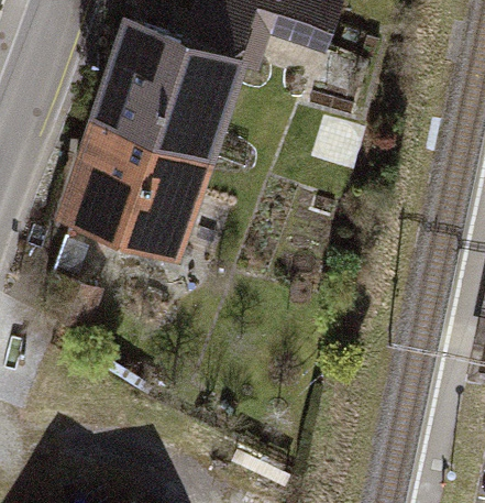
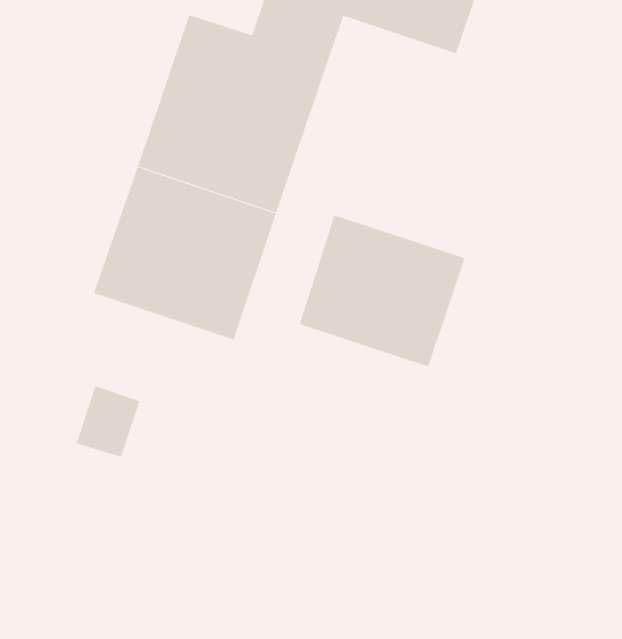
building: none -> [299,214,465,367]

